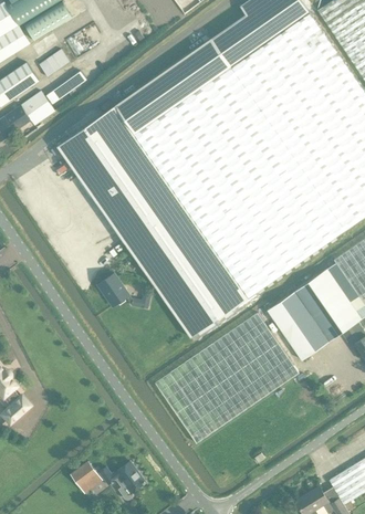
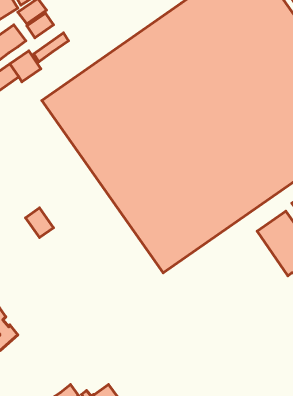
building: [98,273,129,306] -> [26,208,53,238]
building: [268,291,330,359] -> none
building: [155,310,300,442] -> none

